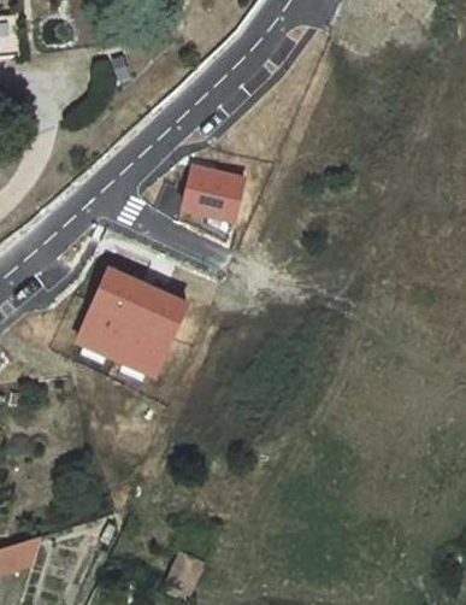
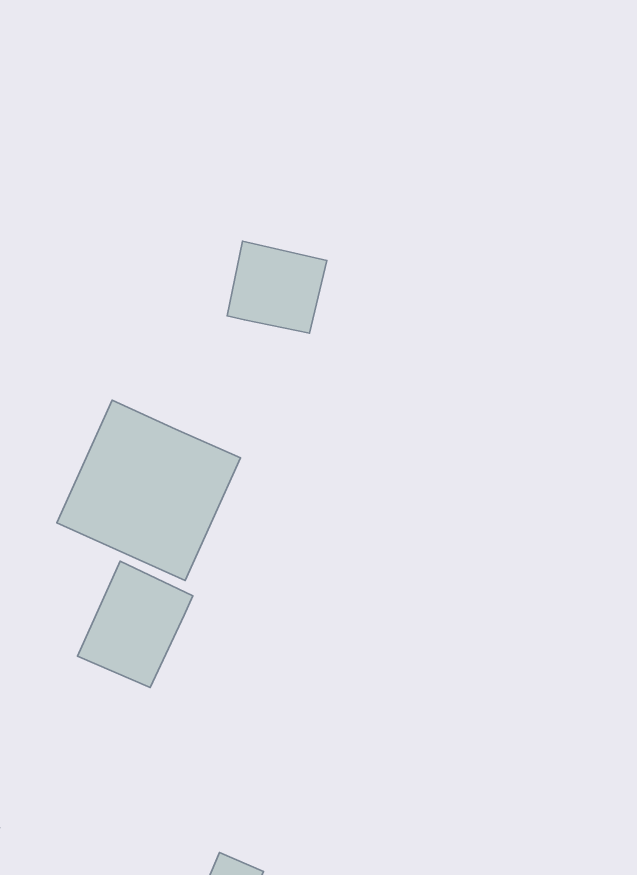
building: none -> [78,561,193,688]

